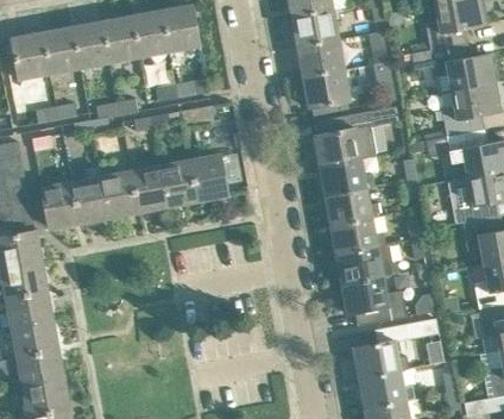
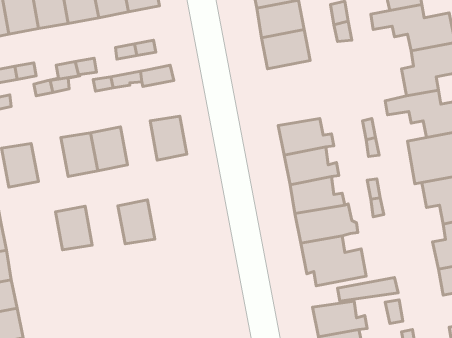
building: [314,106,398,165] -> none
building: [160,161,197,205] -> [118,200,155,244]
building: [71,177,108,221] -> [55,206,92,250]

